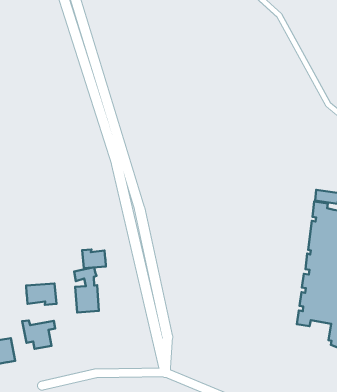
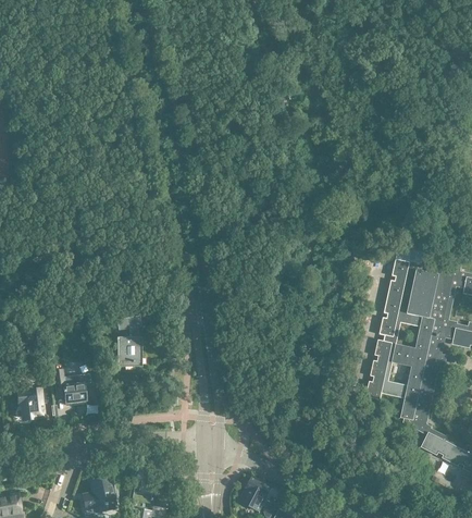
building: [82,249,106,268] -> none
building: [26,283,57,305] -> none

